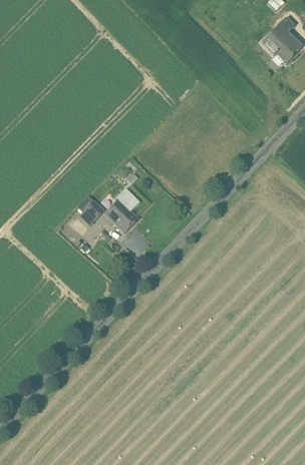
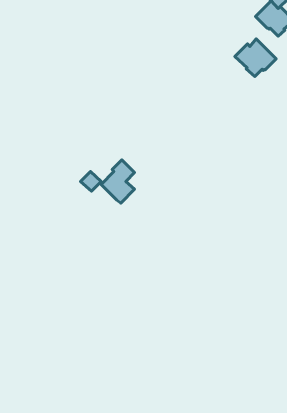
building: none -> [235,39,276,76]

